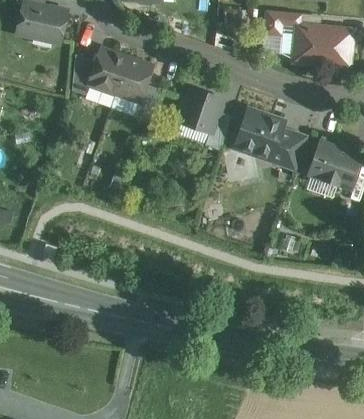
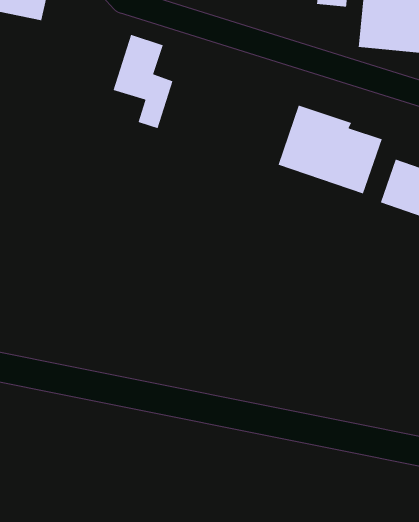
building: [69,46,127,97] -> none
building: [178,84,229,147] -> none

